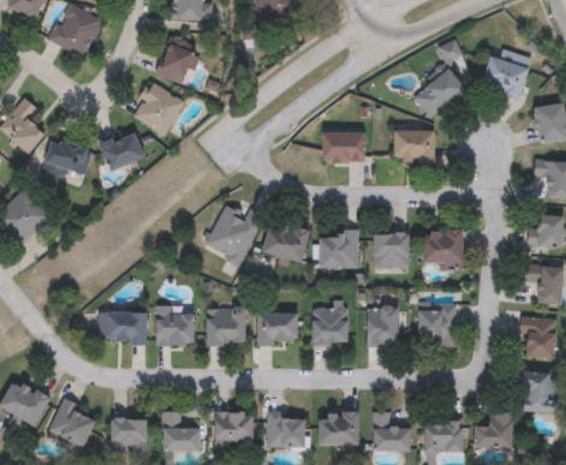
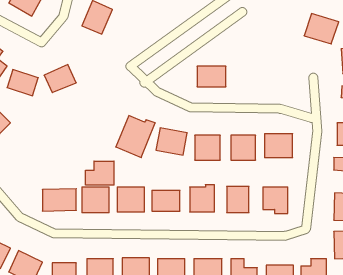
building: [411,68,466,118] -> none
building: [130,82,185,136] -> none
building: [393,130,435,161] -> none
building: none -> [86,161,114,185]

